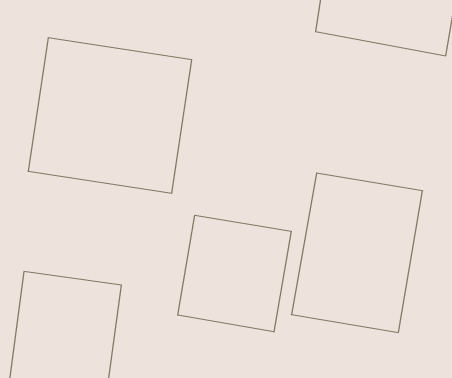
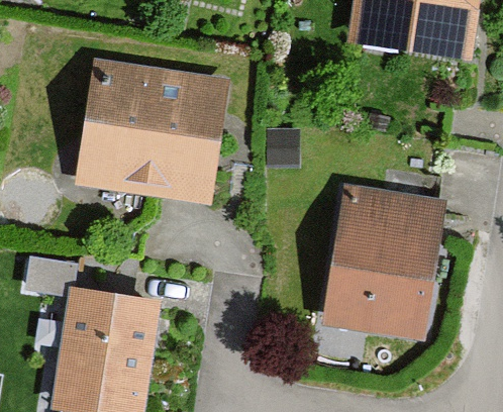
building: [178,215,291,332] -> none

